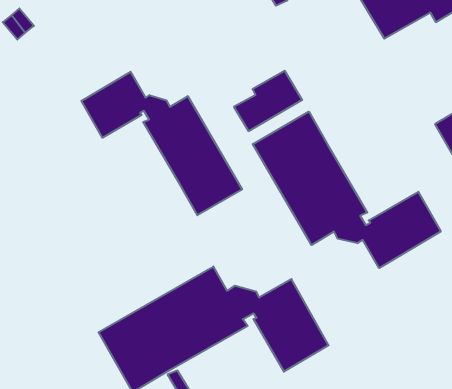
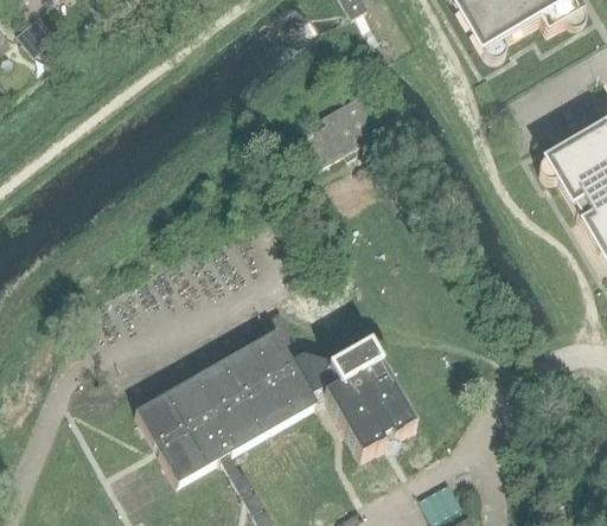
building: [81,72,242,215] -> none
building: [253,112,441,268] -> none

